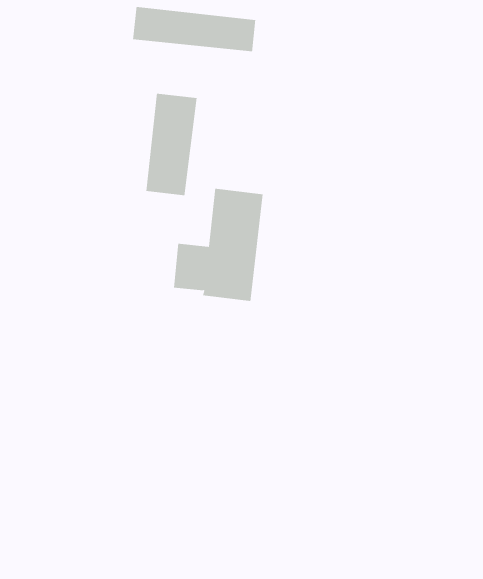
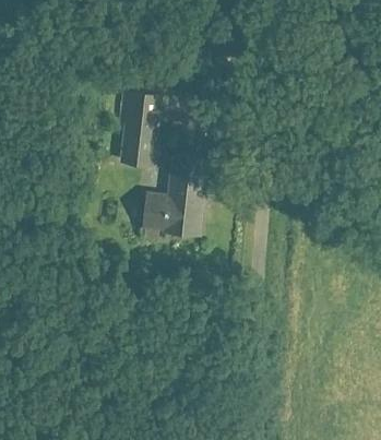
building: [132,6,256,52] -> none

